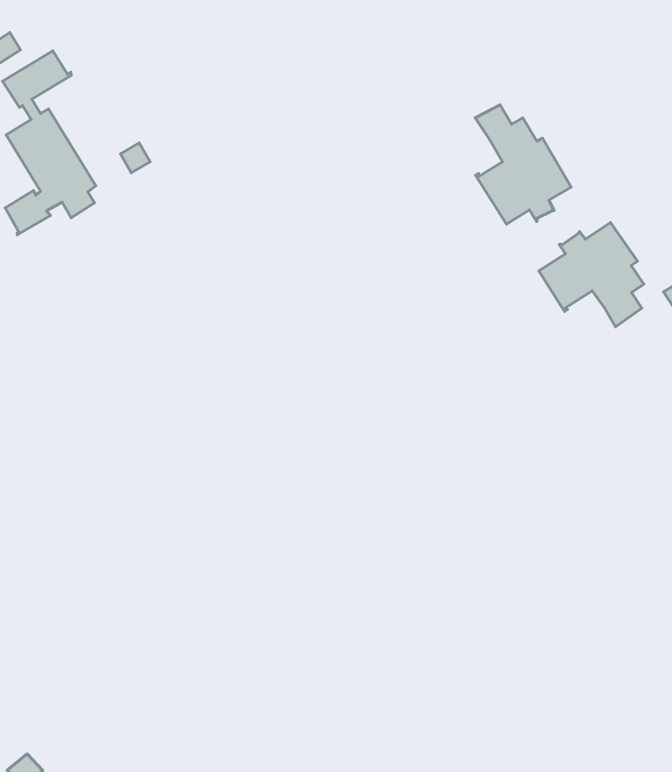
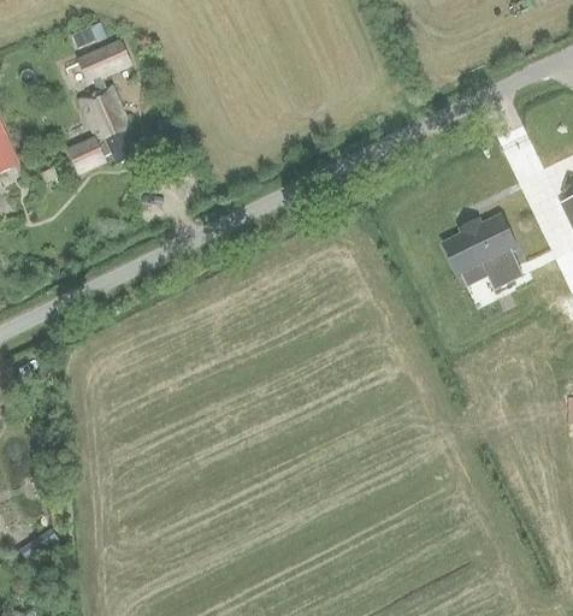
building: [475,105,571,224] -> none

